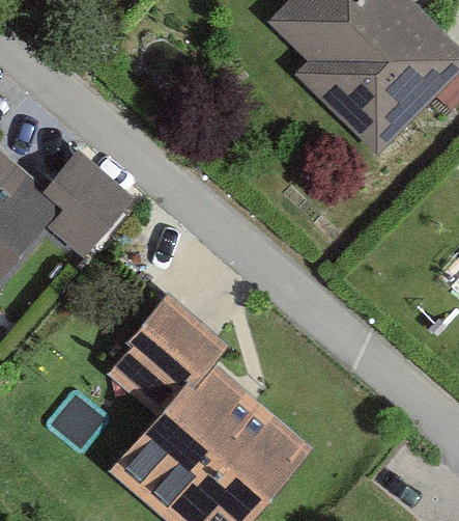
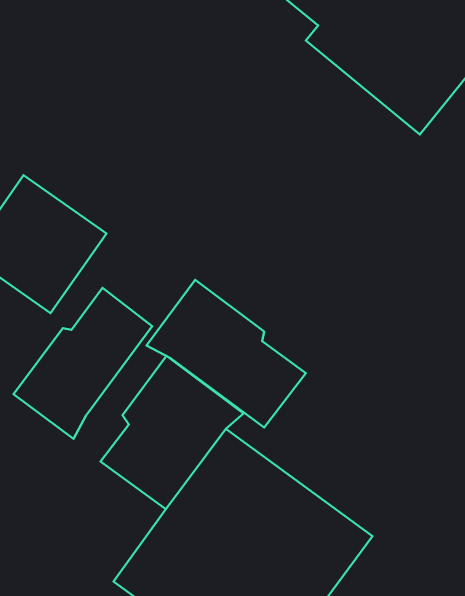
building: none -> [13,288,152,439]
building: none -> [146,280,306,428]

